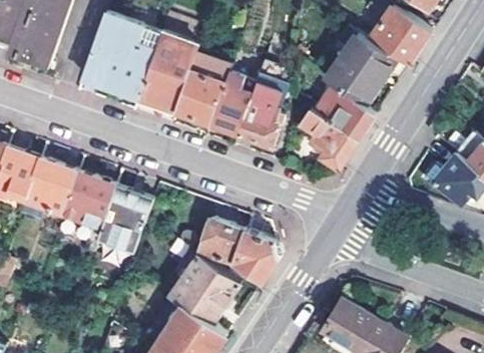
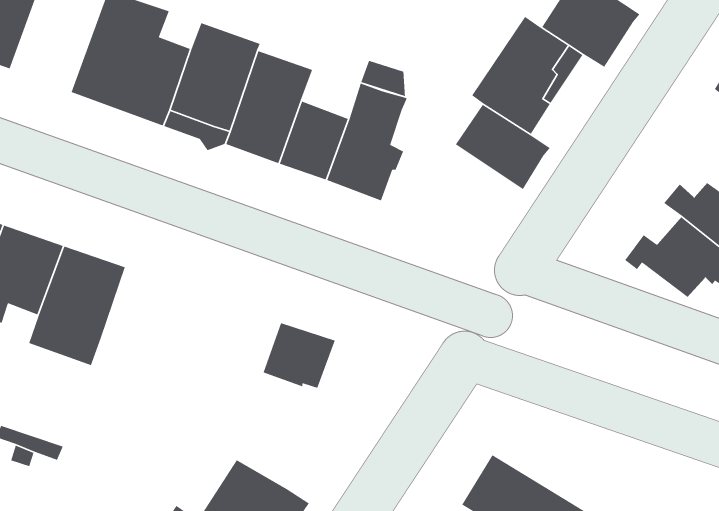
building: [303,107,360,167] -> none
building: [94,186,152,261] -> none
building: [233,231,280,280] -> none
building: [170,255,241,322] -> none

